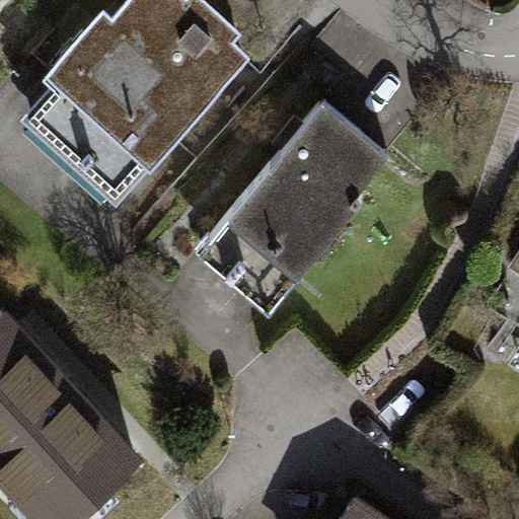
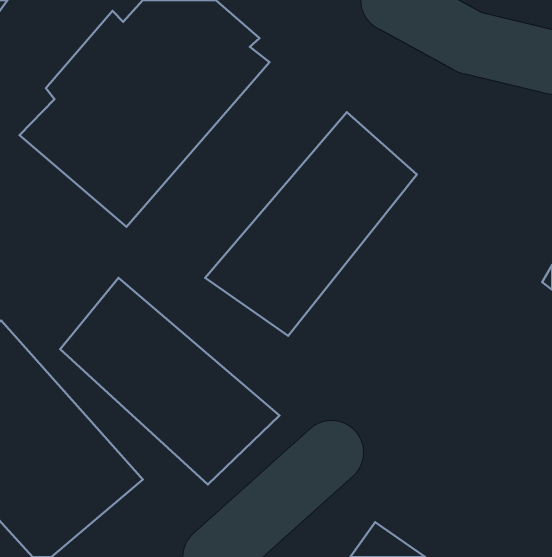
building: none -> [60,278,280,485]

